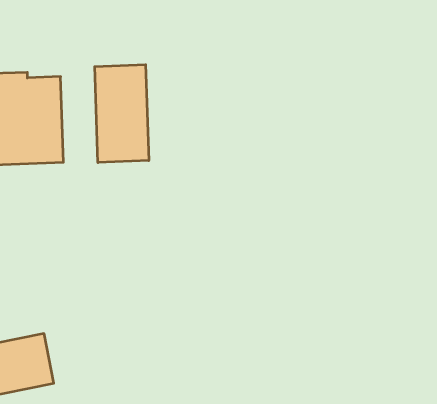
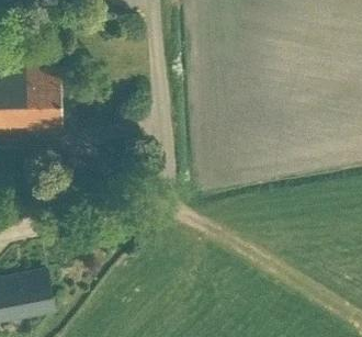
building: [95,65,149,163] -> none

